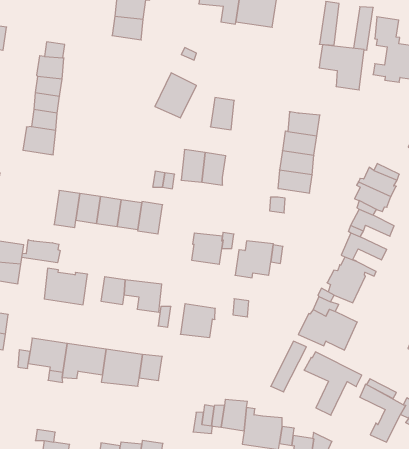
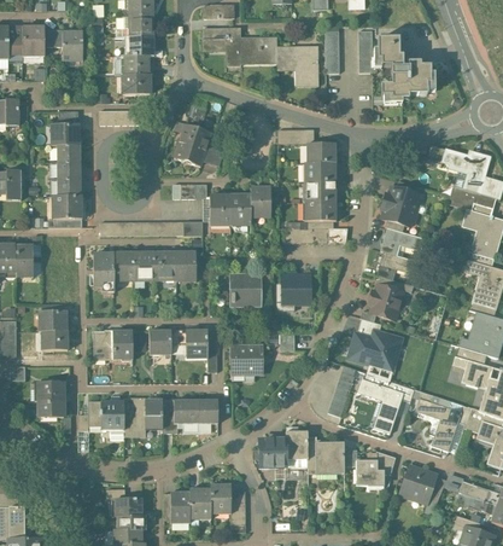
building: [319,45,364,90] -> [276,45,318,85]
building: [210,98,234,130] -> [250,187,270,216]
building: [22,240,60,263] -> none

